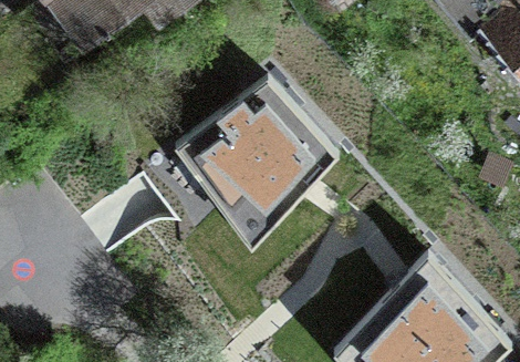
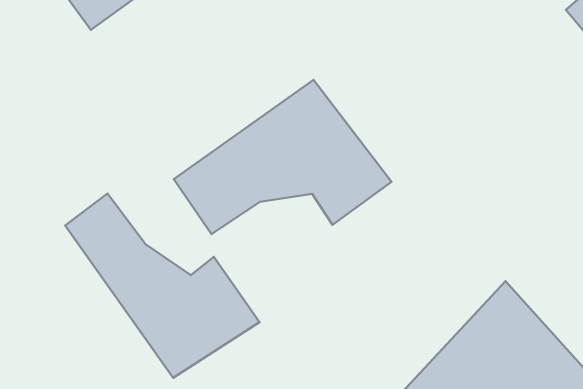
building: none -> [65,194,259,378]

